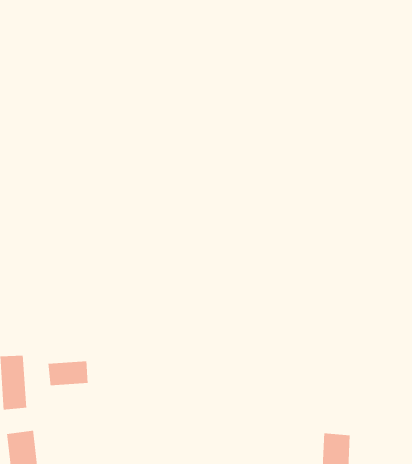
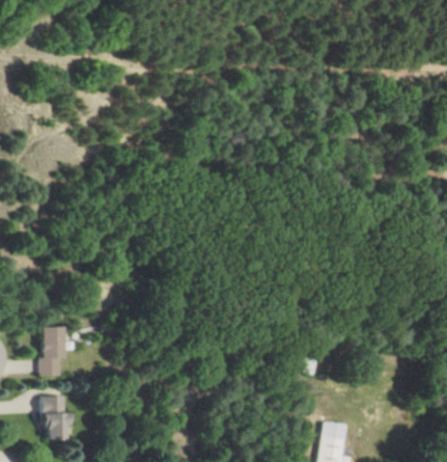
building: [48,360,89,386] -> none

